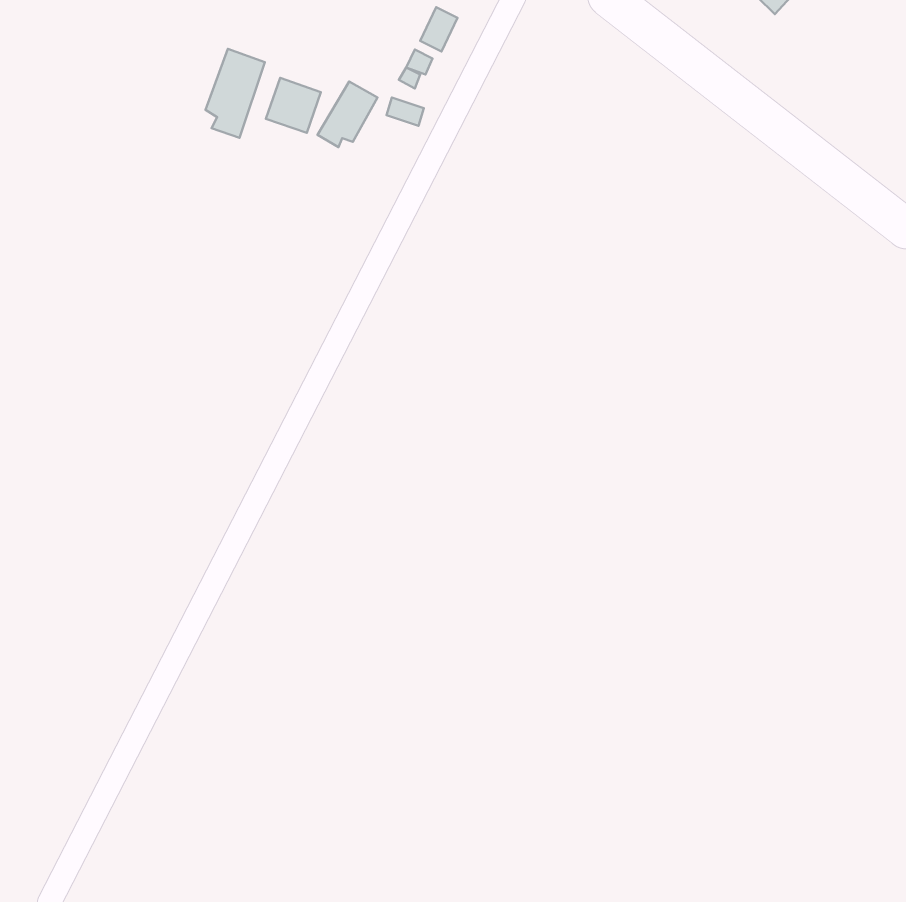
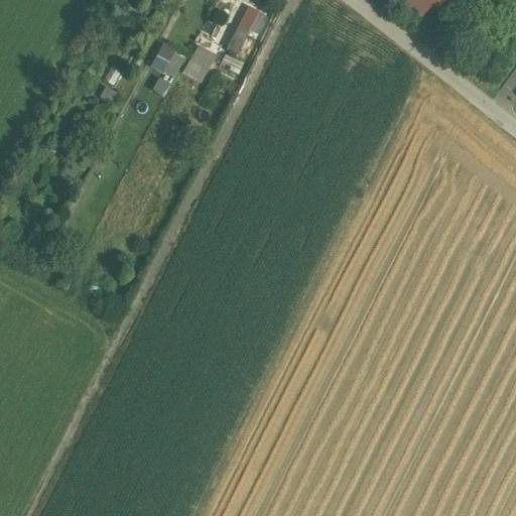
building: [206,49,265,138] -> none

